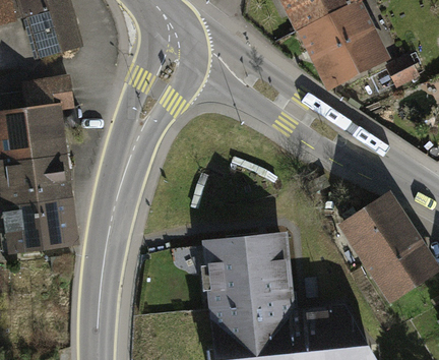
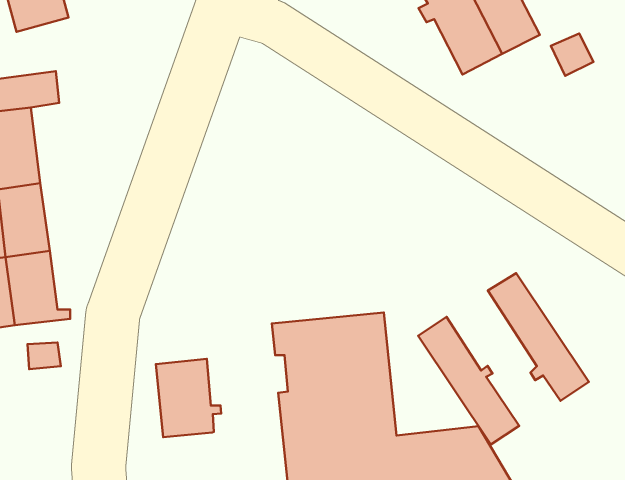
building: [367,199,432,282] -> [418,317,519,445]
building: none -> [156,359,221,437]

